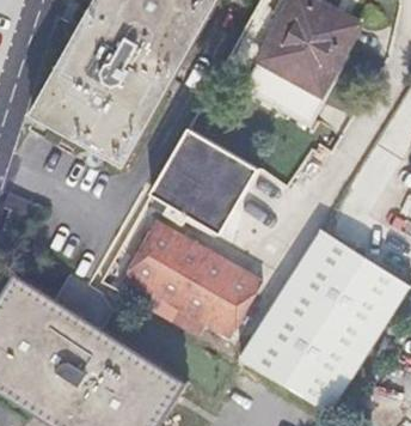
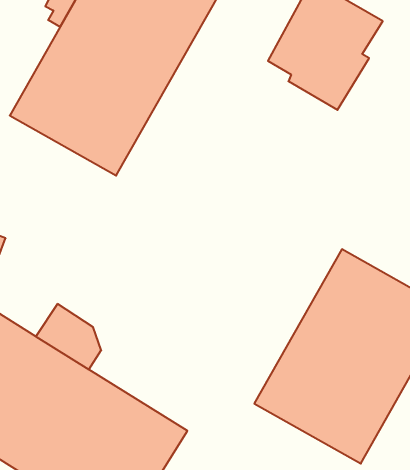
building: [152,132,256,233] -> none
building: [123,221,260,340] -> none

